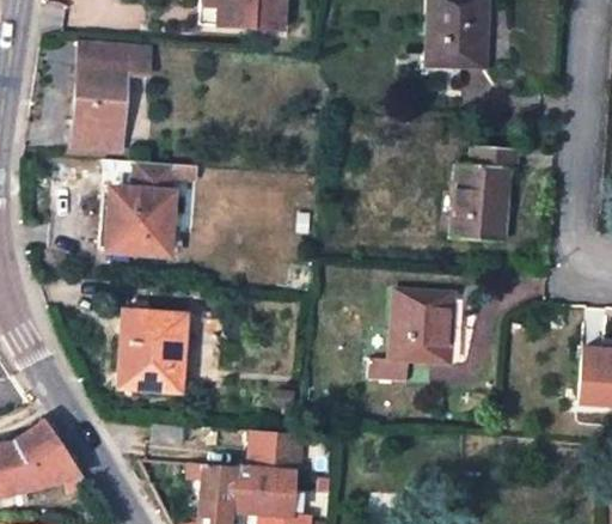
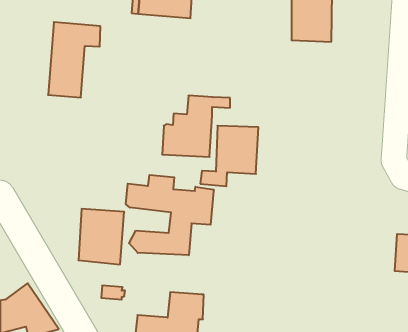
building: [454,144,520,243] -> none
building: [99,163,198,252] -> [162,96,230,157]
building: none -> [126,175,214,255]
building: [368,291,453,379] -> [200,126,258,186]

